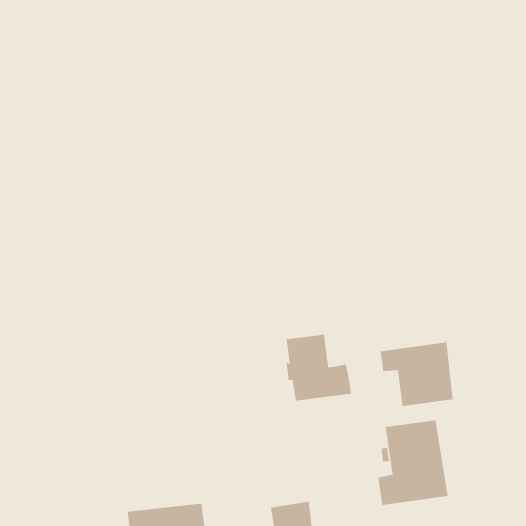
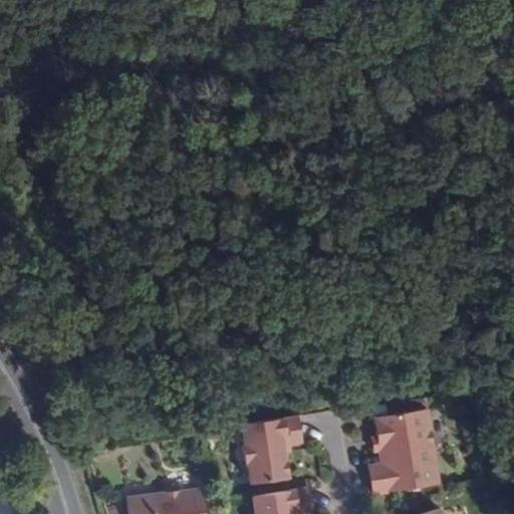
building: [286,334,352,401] -> [253,418,317,483]
building: [380,341,453,407] -> none

